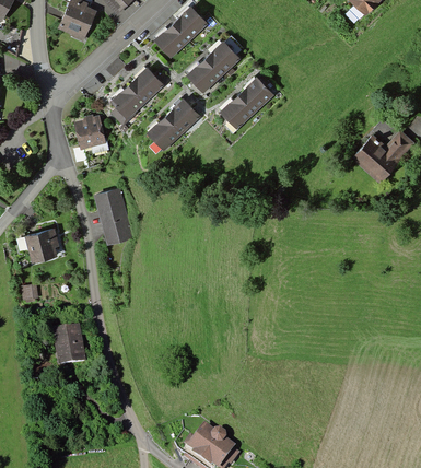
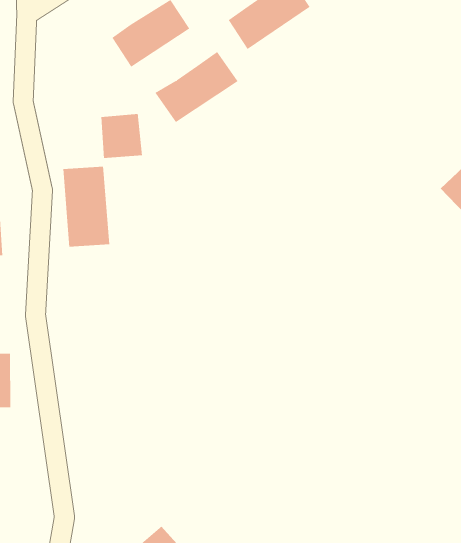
building: [221,75,274,129] -> none
building: [73,114,106,148] -> [100,114,143,158]

